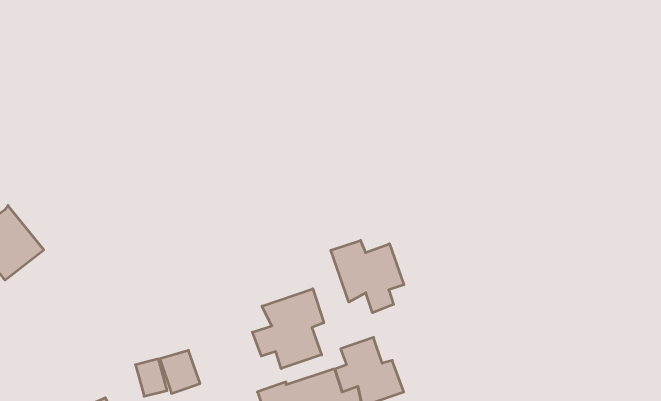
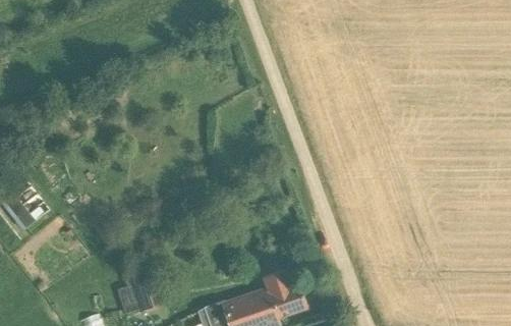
building: [331,240,404,313] -> none
building: [252,289,324,369] -> none

